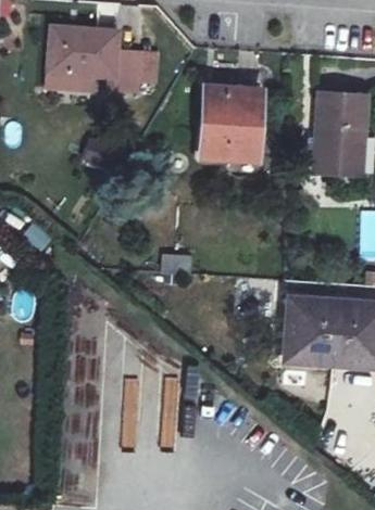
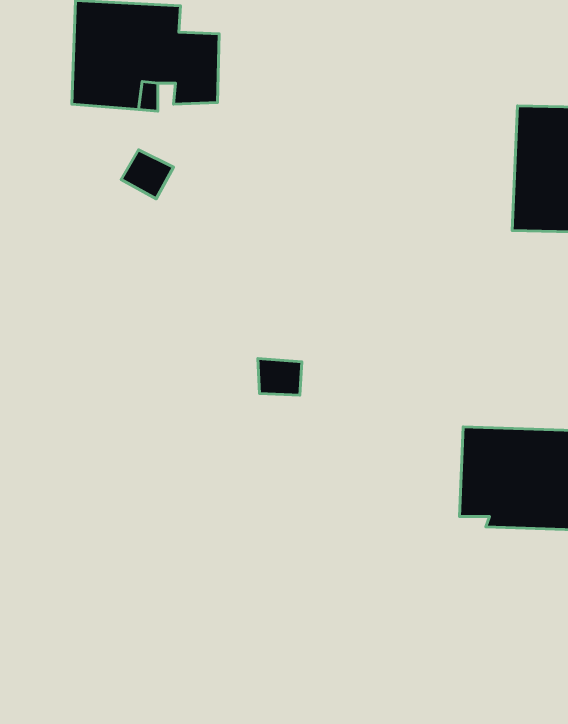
building: [202,91,258,162] -> none

